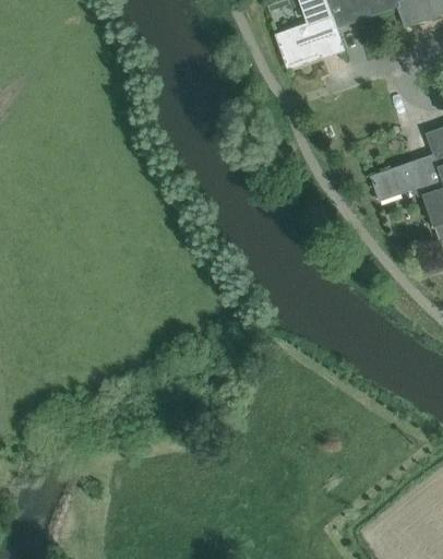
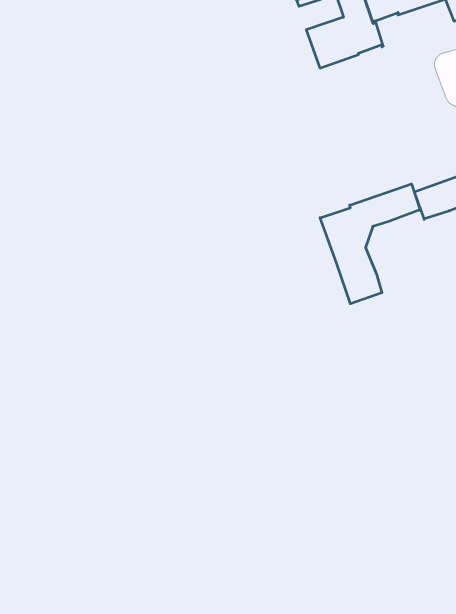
building: none -> [320,184,420,304]

